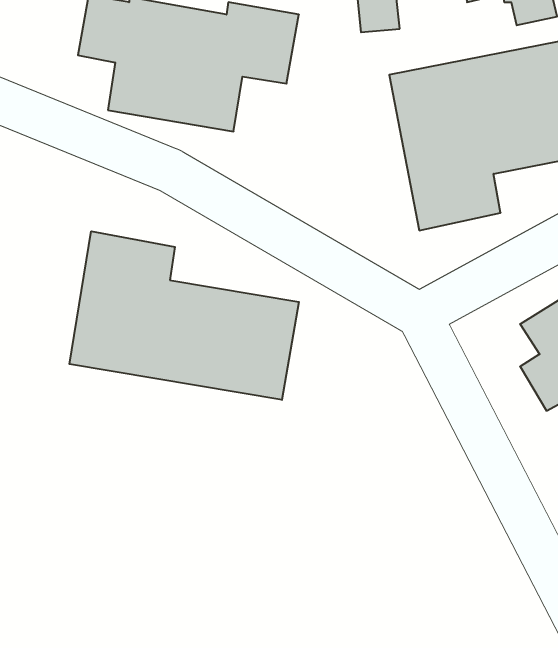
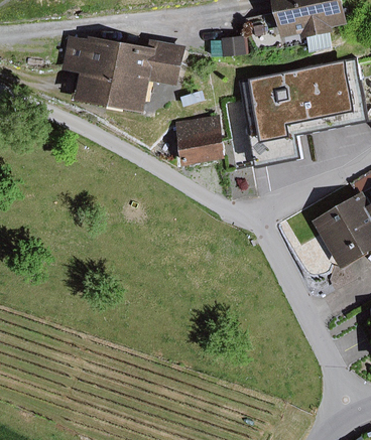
building: none -> [173,114,225,166]
building: [69,231,299,400] -> none

